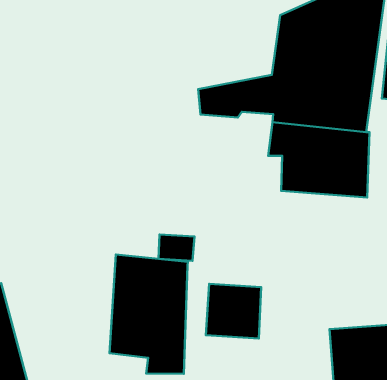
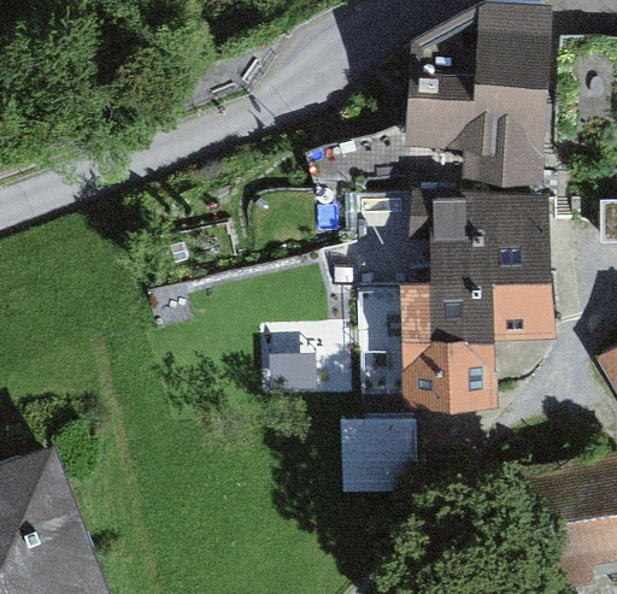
building: none -> [360,287,552,399]
building: [110,255,188,374] -> none

